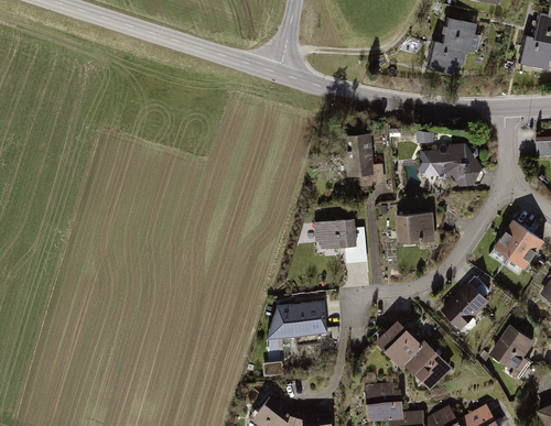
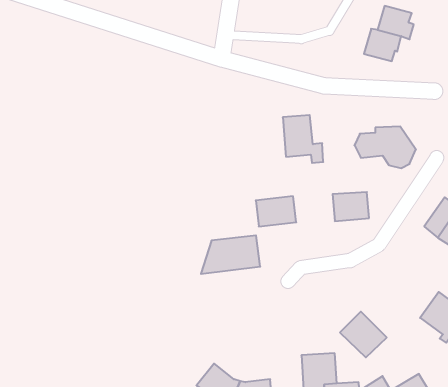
building: [439,281,487,330] -> none
building: [266,299,328,340] -> [201,235,260,274]
building: [375,319,421,367] -> none

